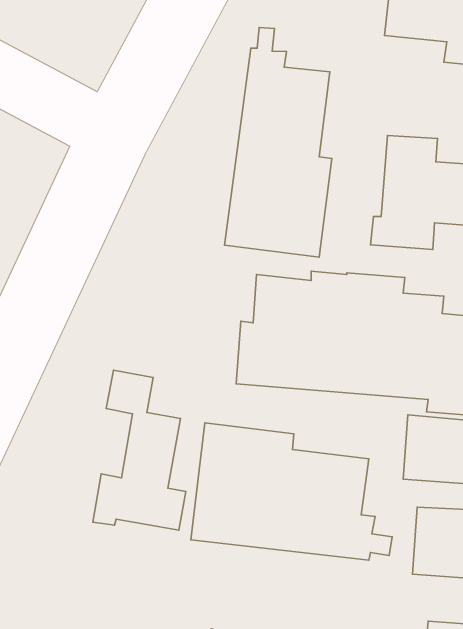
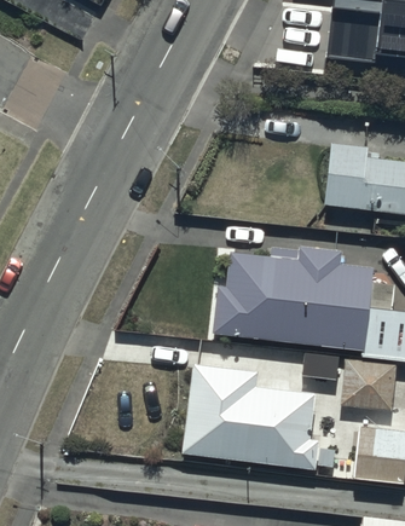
building: [225,27,332,257] -> none
building: [93,370,186,530] -> none

